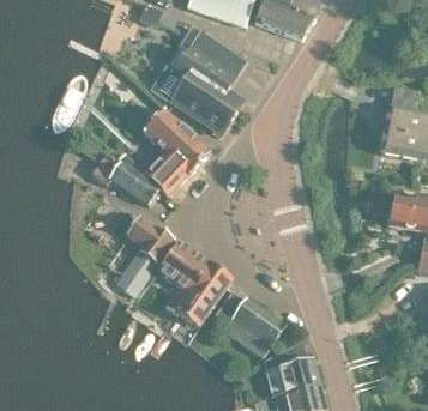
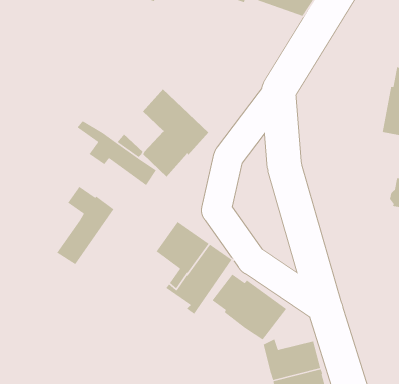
building: [171,30,245,133] -> none
building: [116,213,174,291] -> [56,186,115,265]

